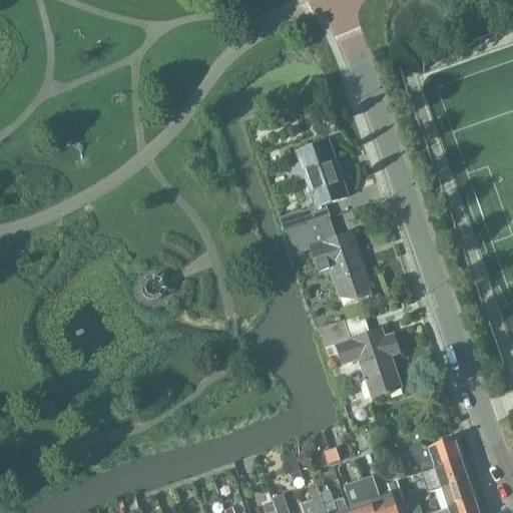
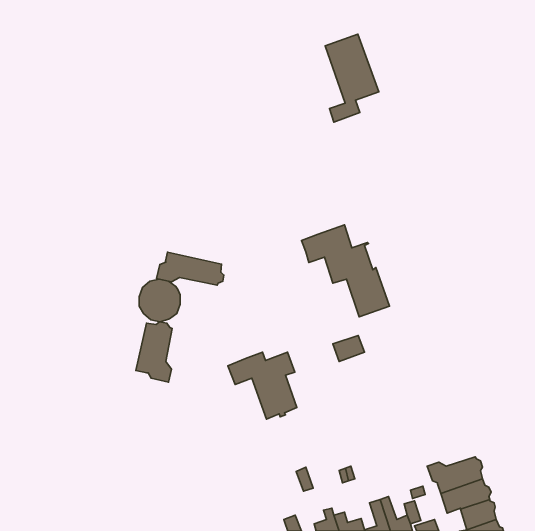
building: [297,140,348,224] -> [325,34,379,122]
building: none -> [157,252,224,285]
building: none -> [136,322,172,382]
building: [336,334,402,398] -> [228,352,297,419]

